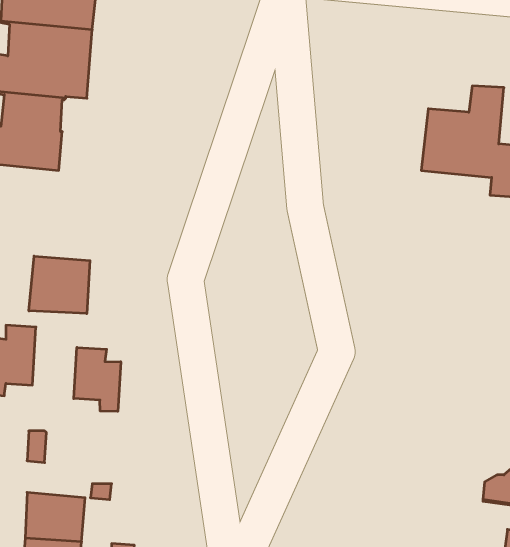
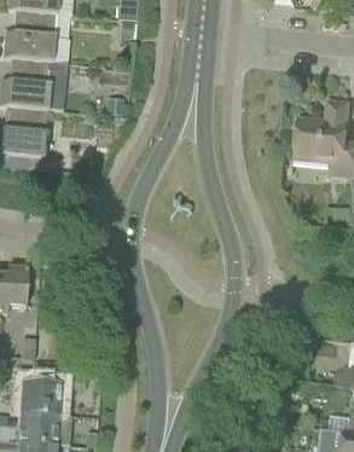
building: [29,256,90,314] -> none
building: [74,347,121,411] -> none

